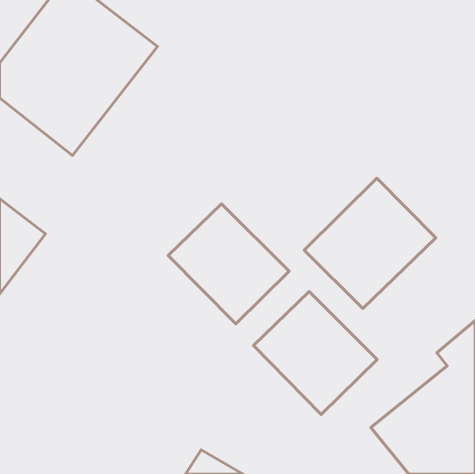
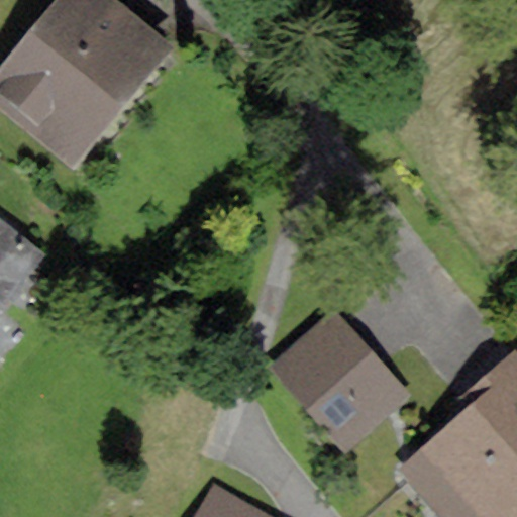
building: [304,178,436,309] -> none
building: [168,204,289,324] -> none

